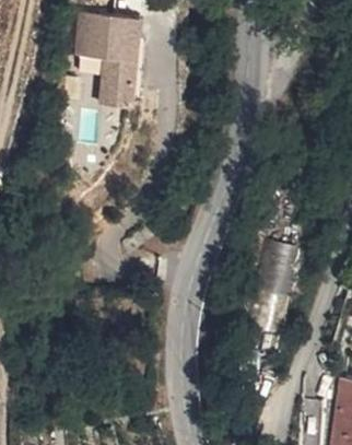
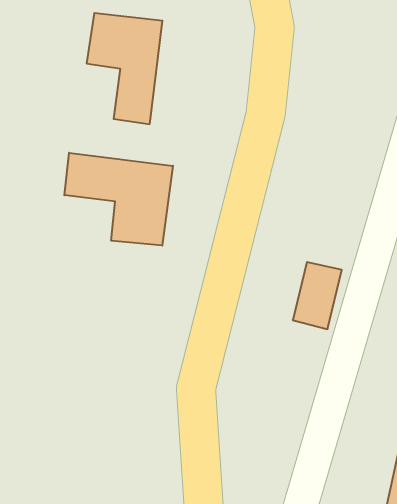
building: none -> [64,153,173,246]

